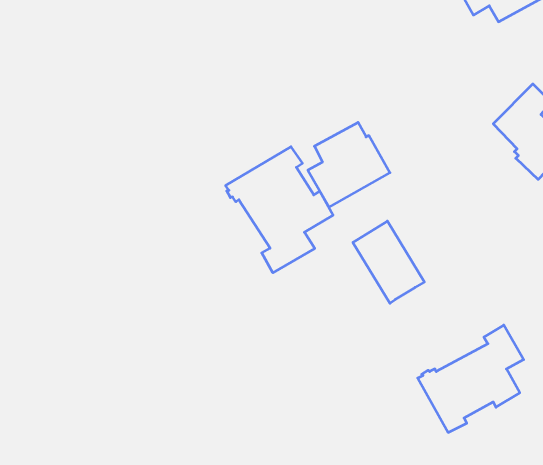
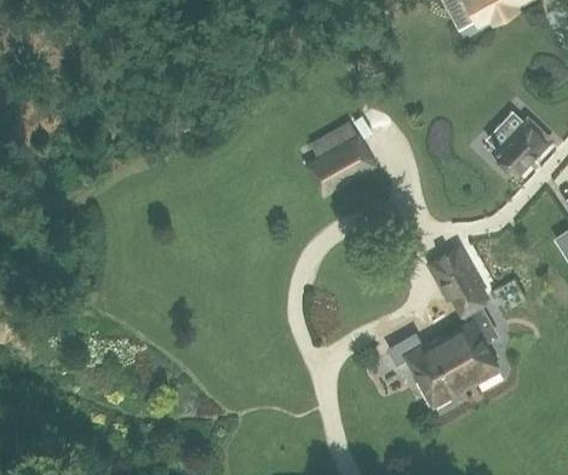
building: [226,147,333,273] -> none
building: [353,221,424,303] -> [428,246,493,321]

